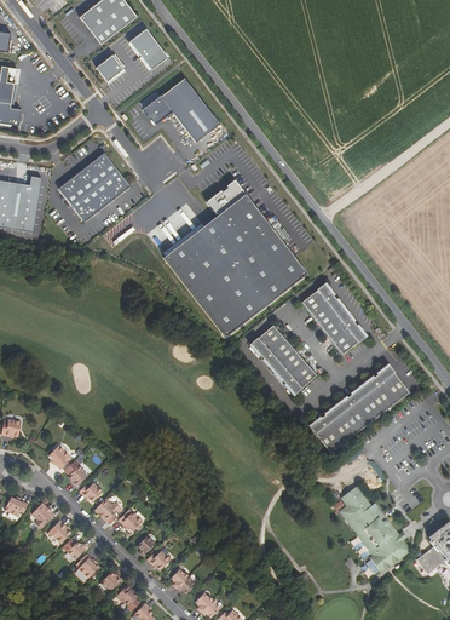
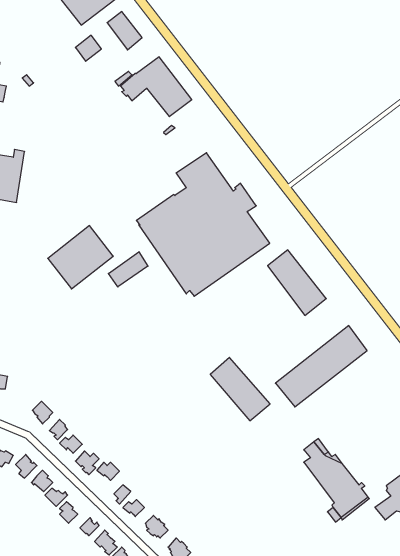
building: [59,153,129,220] -> [48,226,113,289]
building: none -> [108,252,148,287]
building: [252,325,316,392] -> [210,357,270,421]

